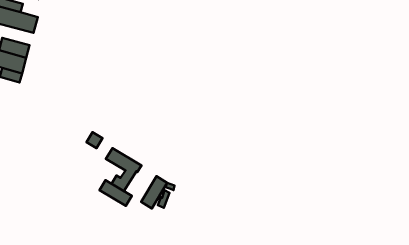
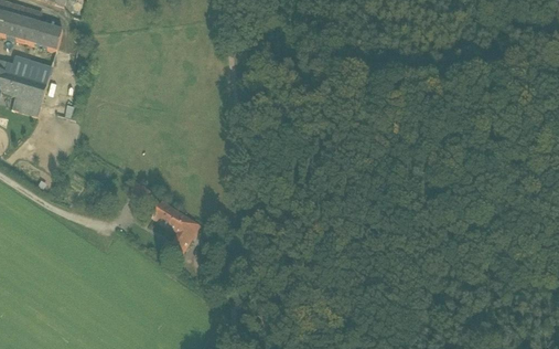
building: [141,176,167,208] -> none
building: [99,180,132,206] -> none

